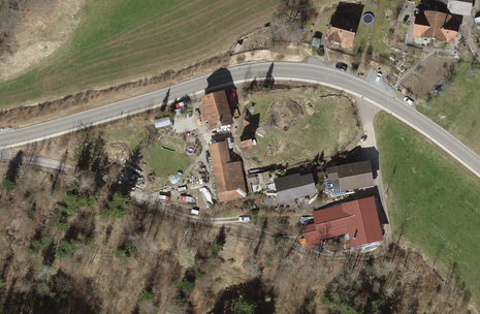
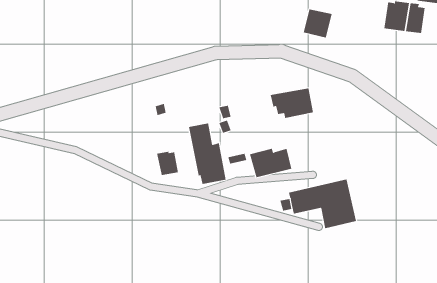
building: [199,92,233,132] -> none
building: [324,155,371,187] -> [270,88,314,118]
building: none -> [157,151,179,176]

